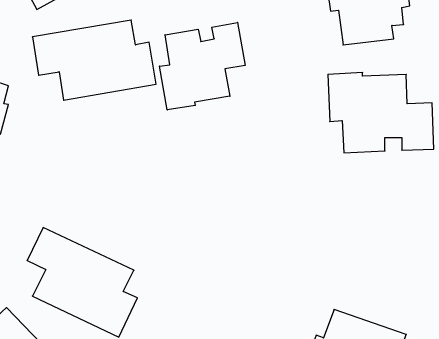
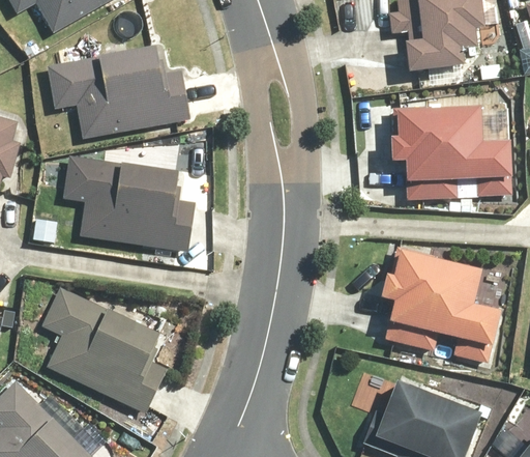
building: [160,22,245,110] -> none
building: none -> [62,154,195,252]
building: none -> [382,248,505,362]

